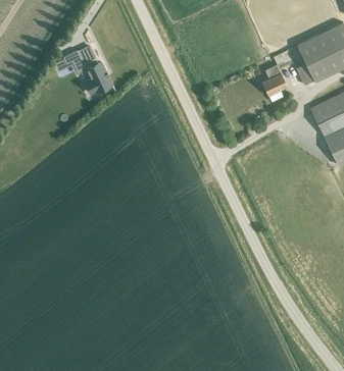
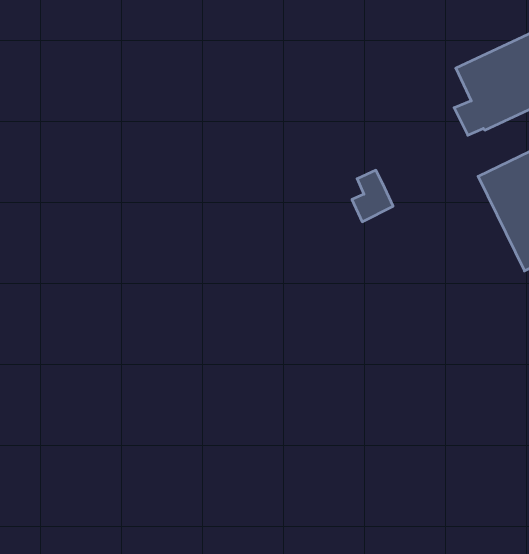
building: [63,51,113,95] -> none
building: [262,65,287,96] -> [352,170,393,222]

